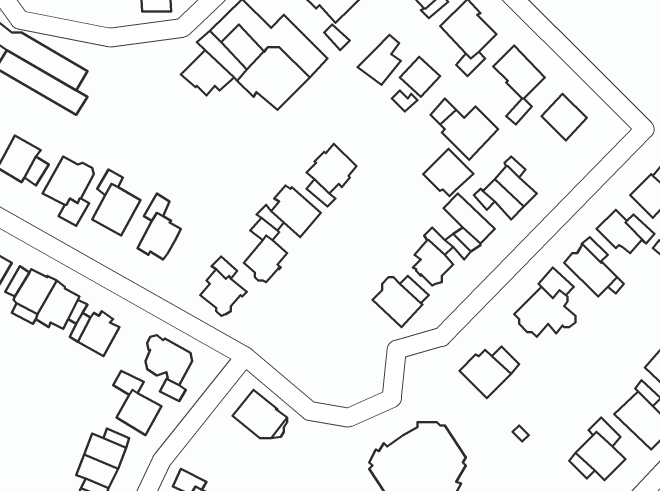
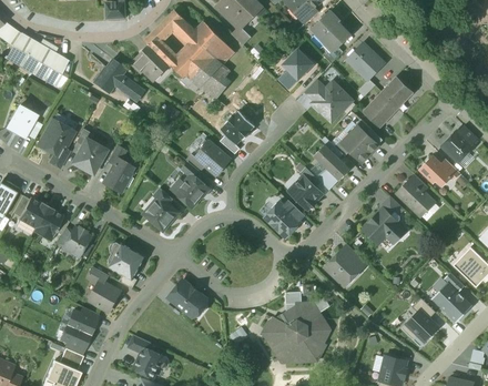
building: [357,35,401,85] -> [200,64,230,99]
building: none -> [96,59,144,101]
building: none -> [363,91,398,128]
building: [423,149,474,196] -> none

